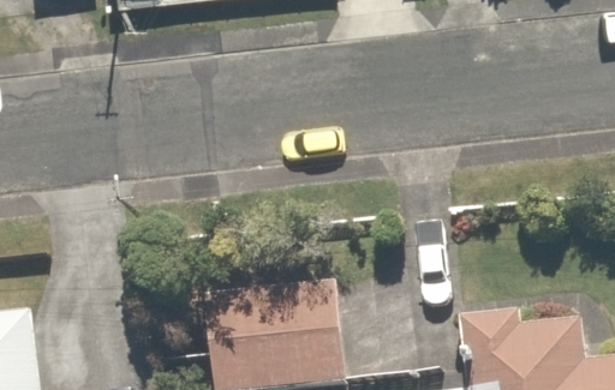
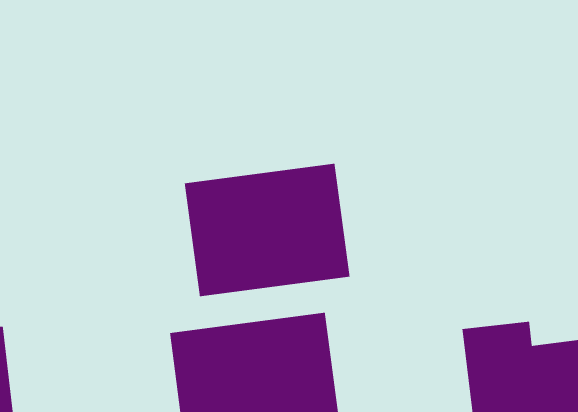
building: none -> [184,163,350,297]

